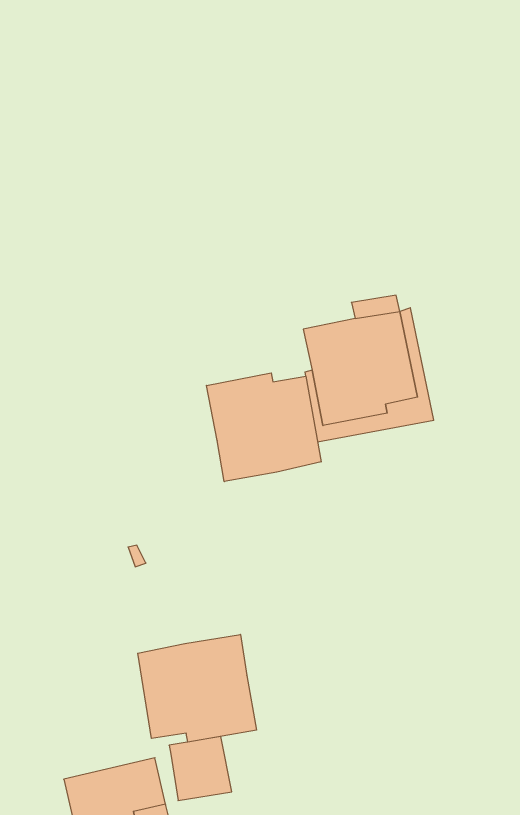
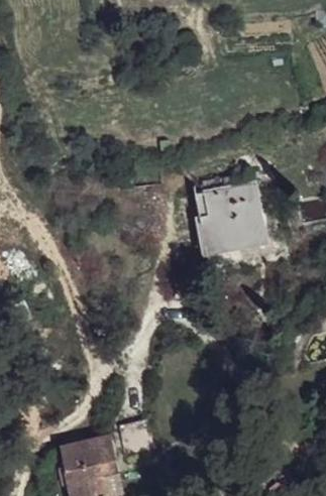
building: [206,373,321,482] -> none
building: [138,634,256,742] -> none

